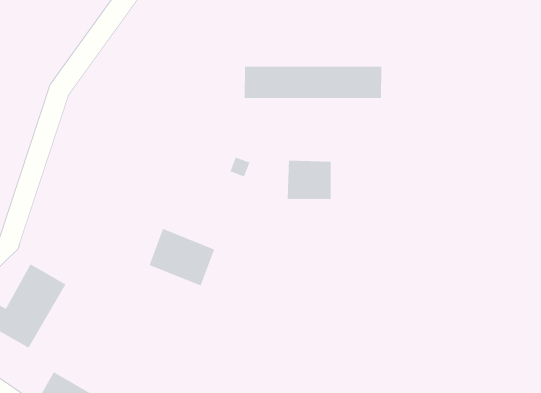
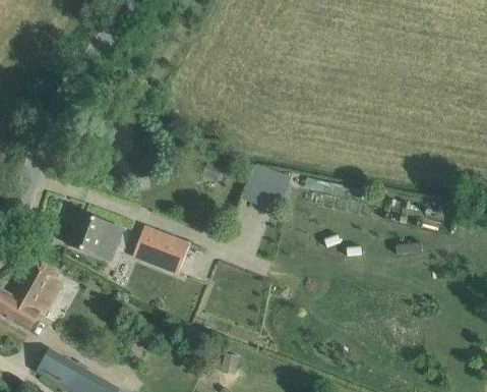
building: [244,66,382,99] -> none
building: none -> [68,214,122,262]

